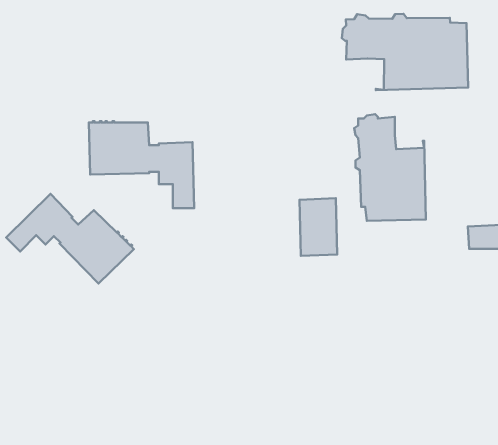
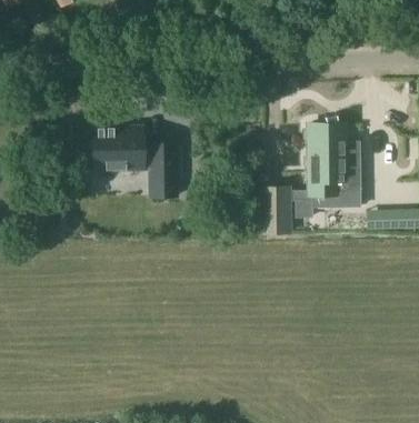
building: [342,14,468,90] -> none
building: [6,194,134,283] -> none

